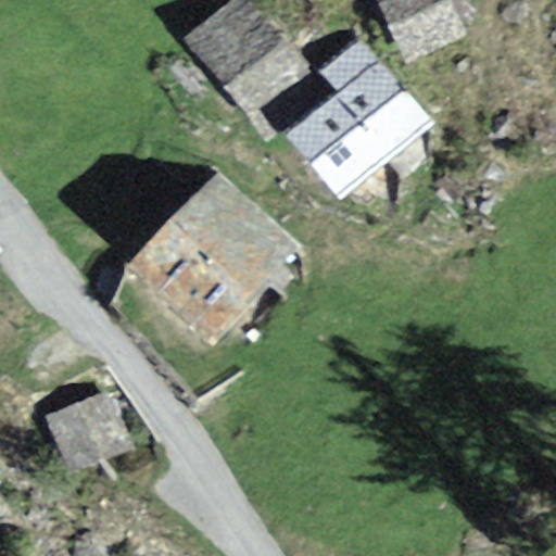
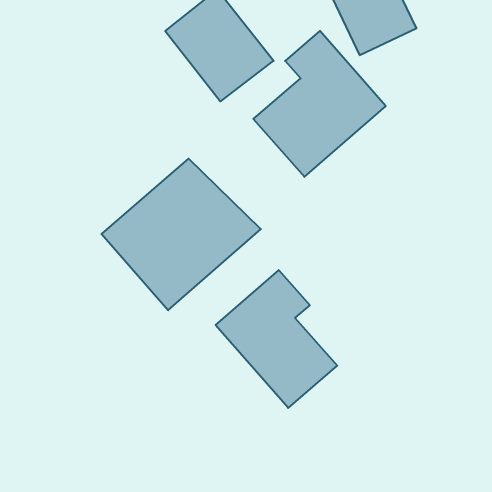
building: none -> [216,270,337,408]
building: [27,396,115,472] -> none

